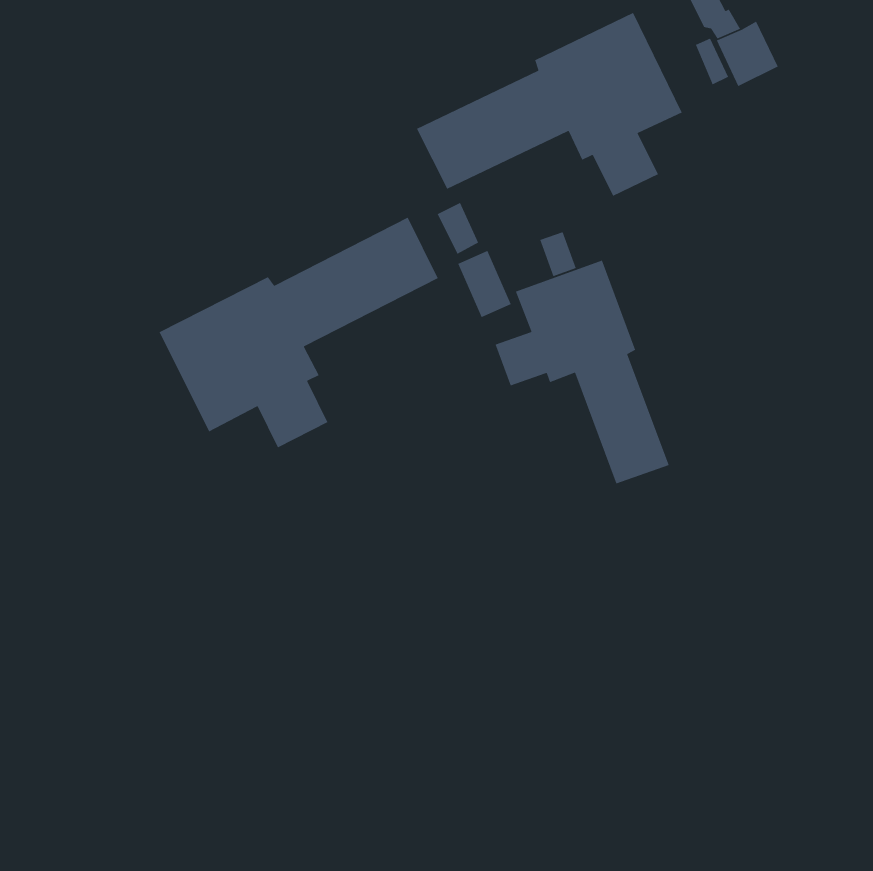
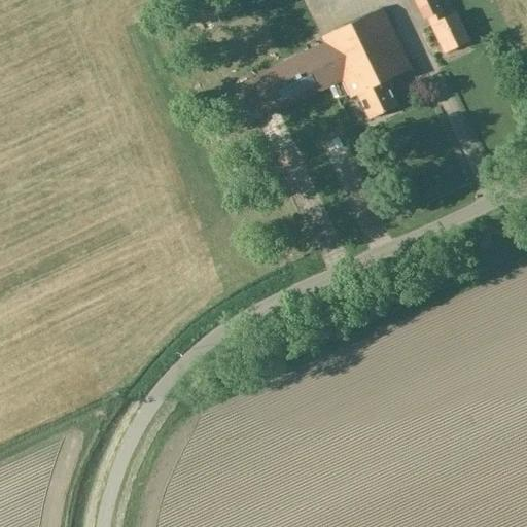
building: [158,216,439,448] -> none
building: [494,259,670,485] -> none

